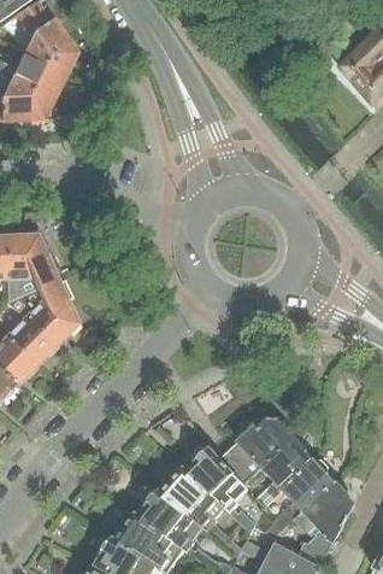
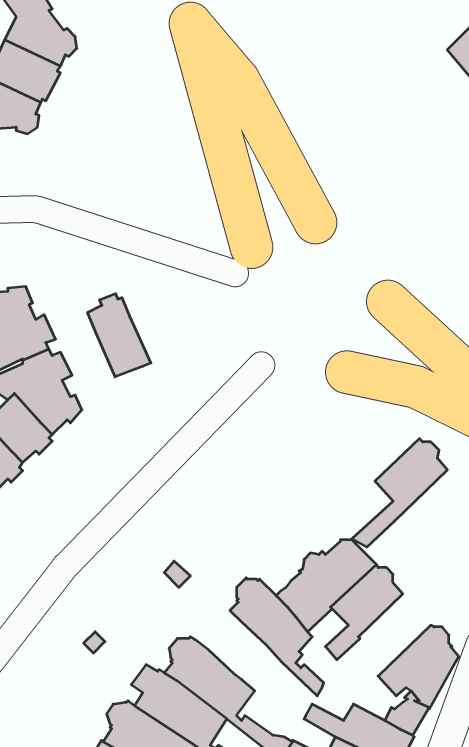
building: none -> [88,294,151,377]
building: [264,459,334,539] -> [352,439,447,547]
building: [161,464,242,558] -> none

